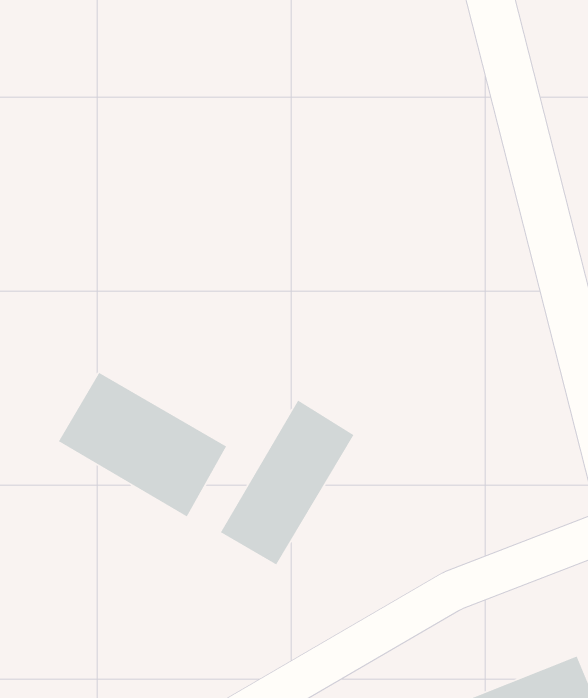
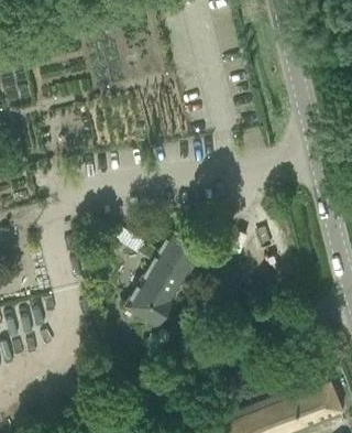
building: [58,372,227,518] -> none

